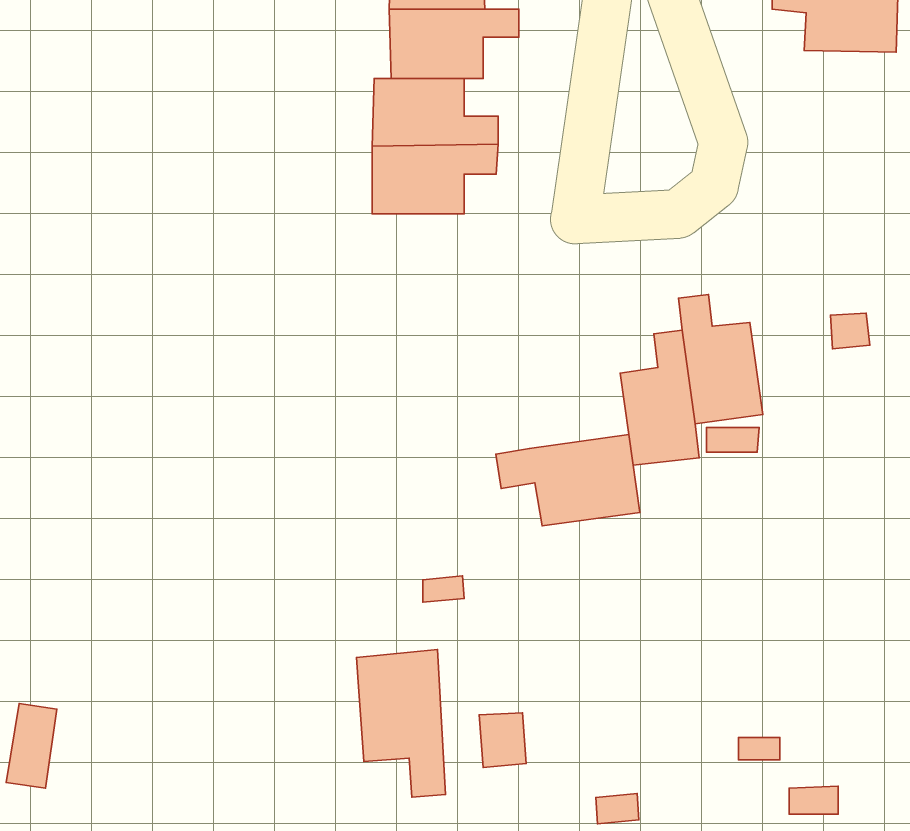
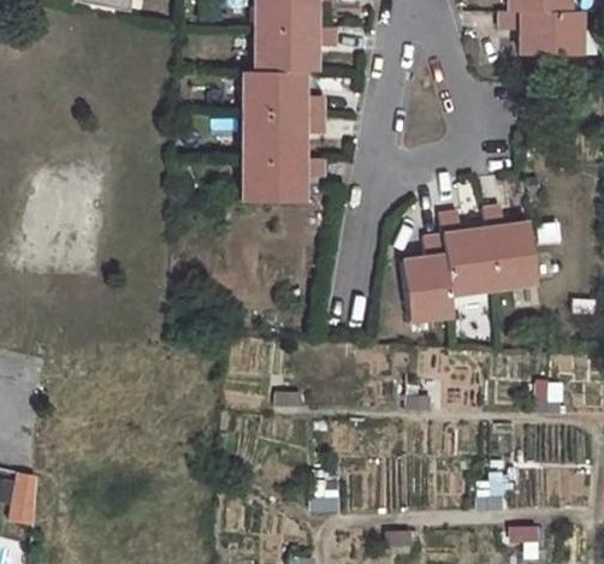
building: none -> [243,158,324,201]
building: none -> [482,203,537,286]
building: [496,435,640,526] -> none
building: [356,650,446,797] -> none

